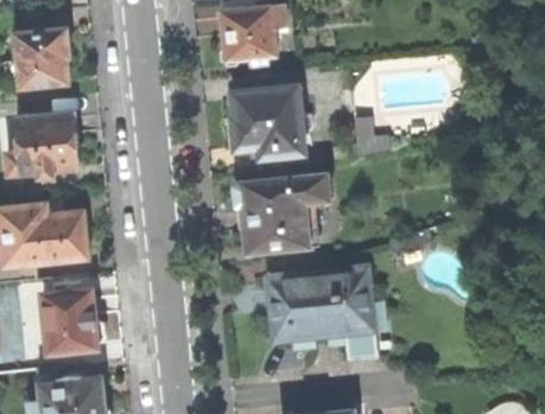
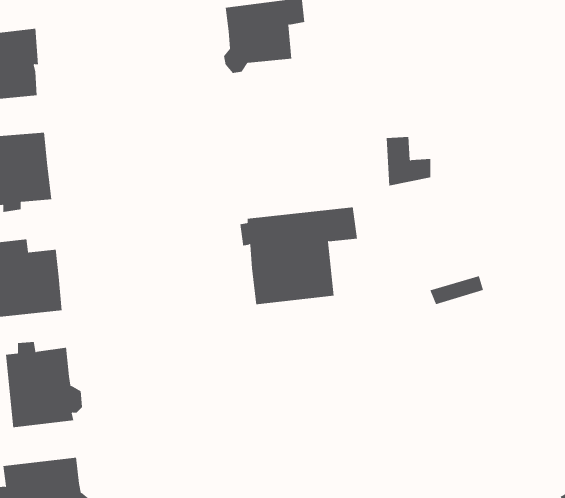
building: [226,85,304,158] -> none
building: [266,265,376,359] -> none

